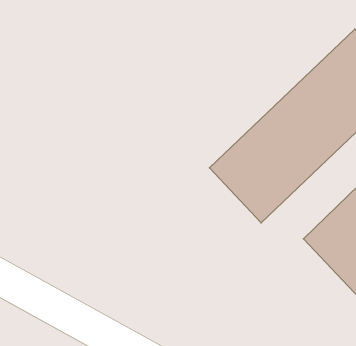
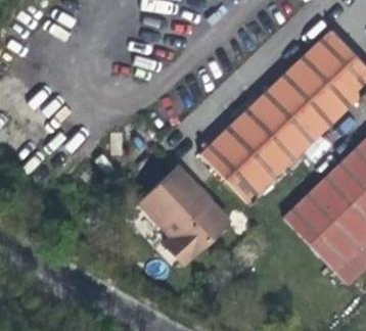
building: none -> [139,168,229,264]

